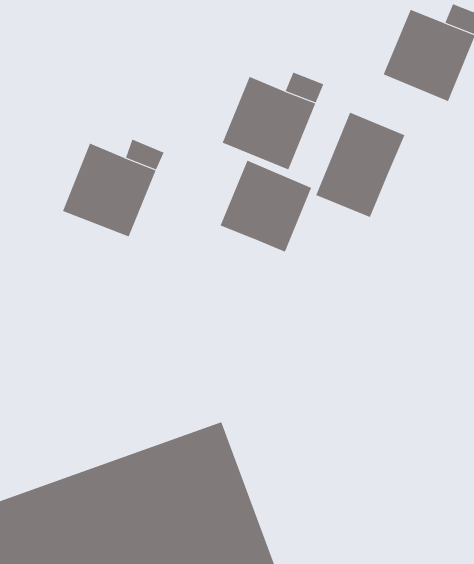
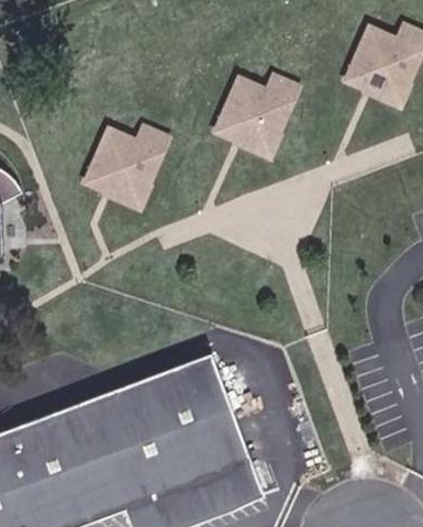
building: [316,112,405,218] -> none
building: [220,160,312,253] -> none

